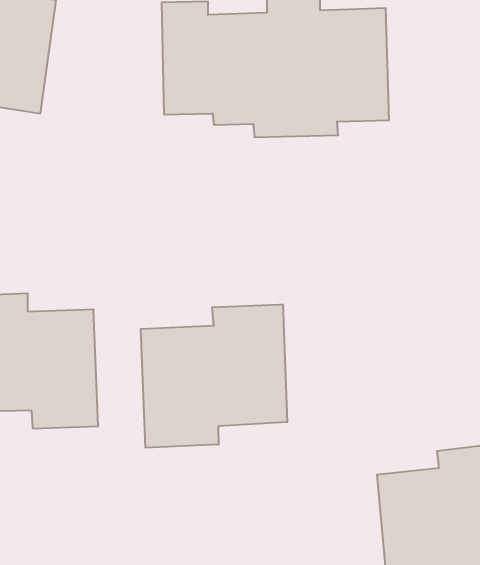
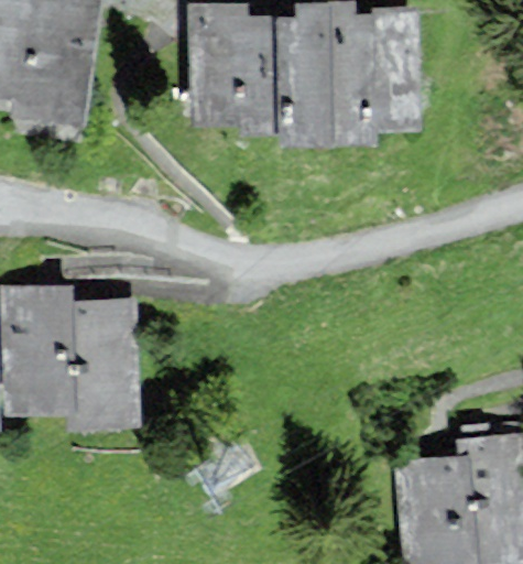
building: [141,304,287,448] -> none

